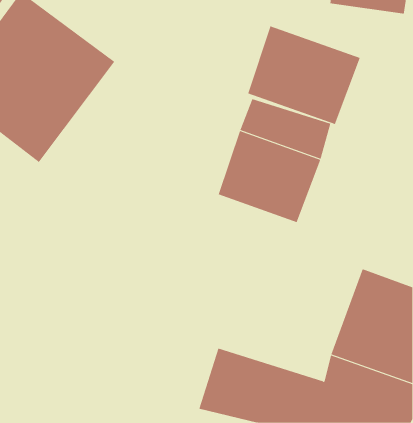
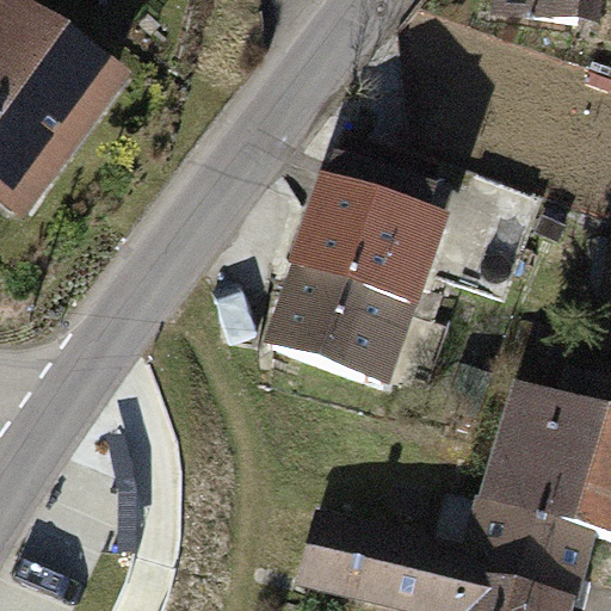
building: [248,25,360,125] -> none
building: none -> [286,278,425,397]

